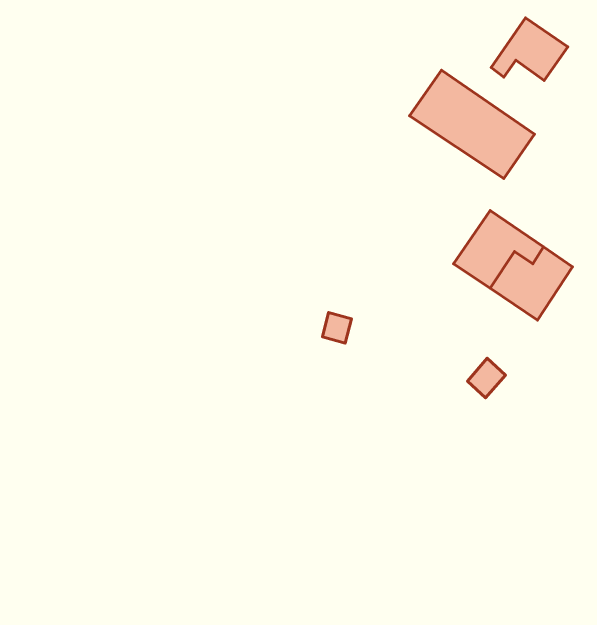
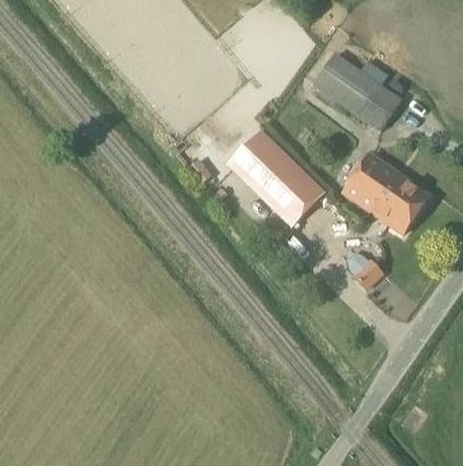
building: [491,18,568,81] -> none
building: none -> [227,127,325,226]

